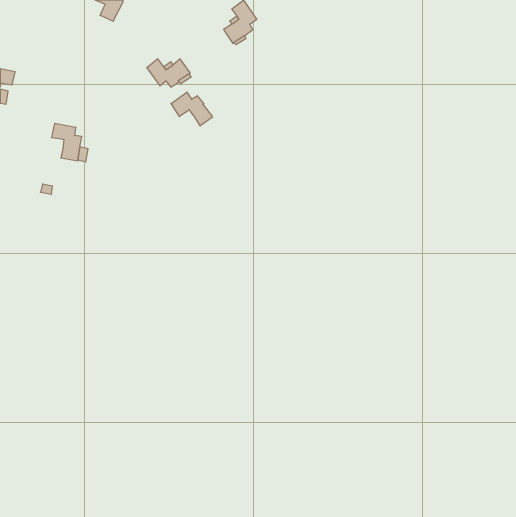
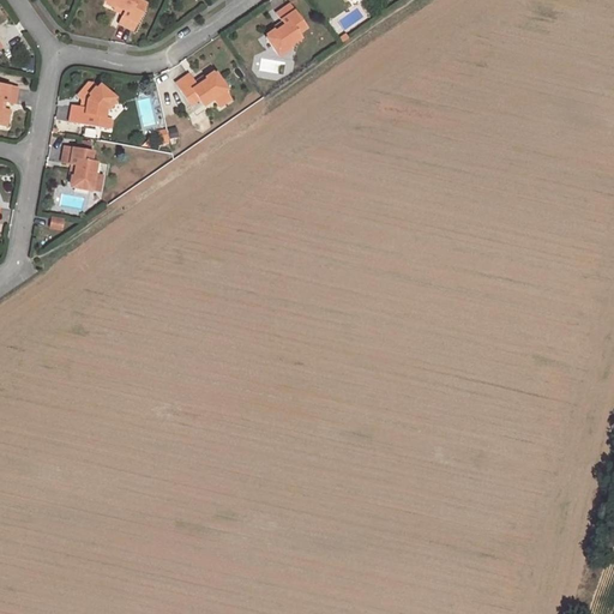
building: none -> [71,84,116,128]
building: [171,92,212,126] -> none

